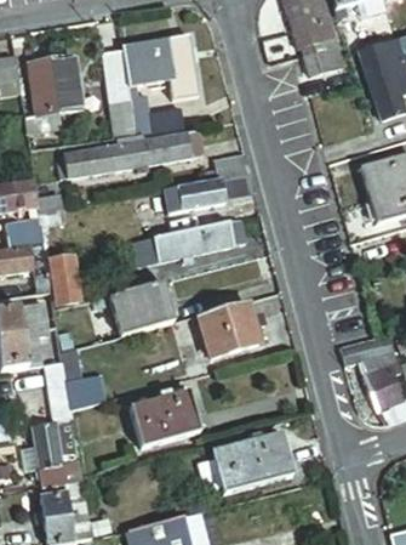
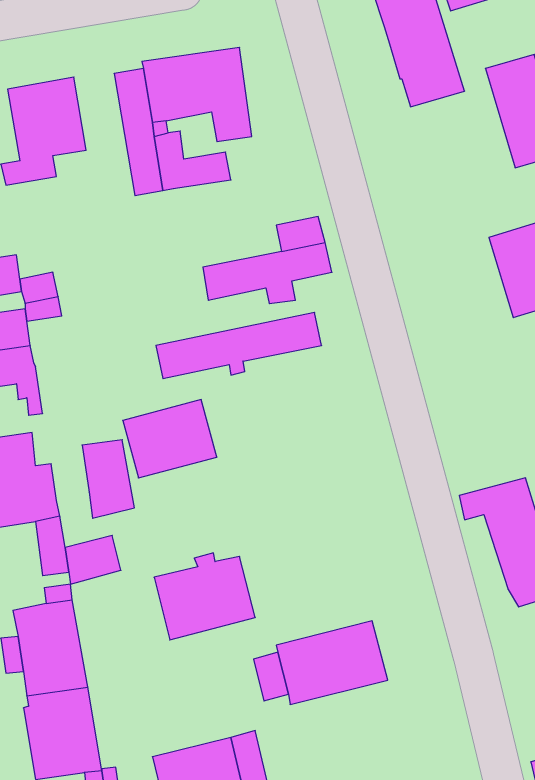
building: [65,131,202,175] -> none
building: [47,252,84,307] -> [82,440,134,518]
building: [199,300,264,354] -> none

